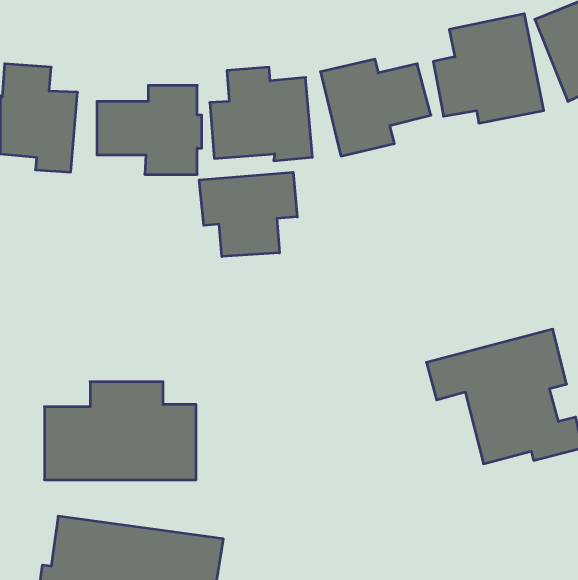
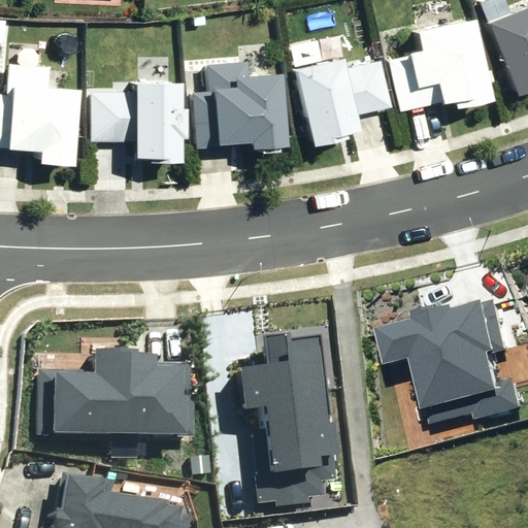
building: [199,172,297,257] -> none
building: none -> [240,337,339,512]

